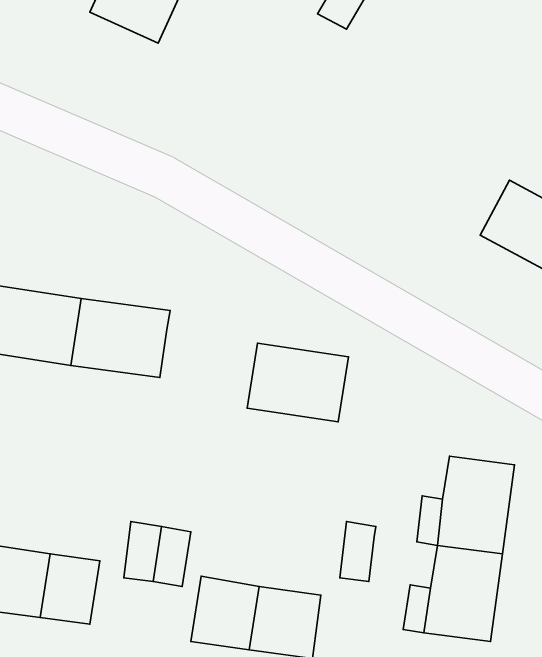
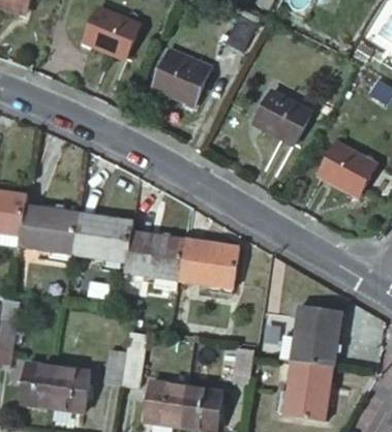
building: none -> [152,47,211,103]
building: none -> [253,89,311,144]
building: none -> [123,232,184,279]

